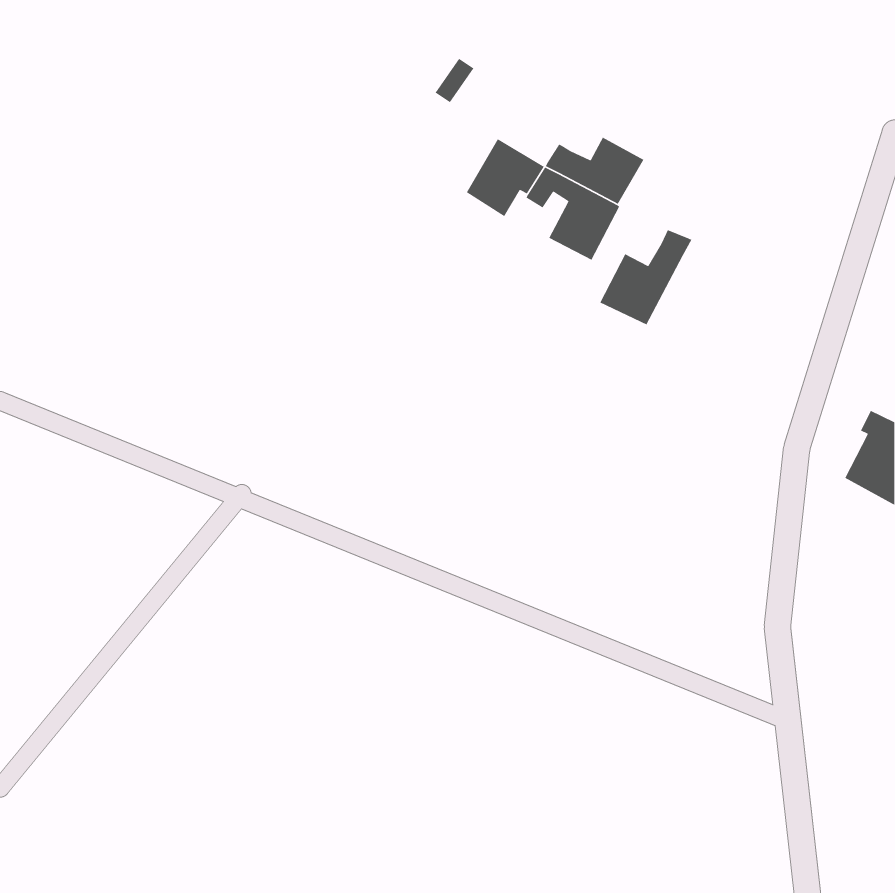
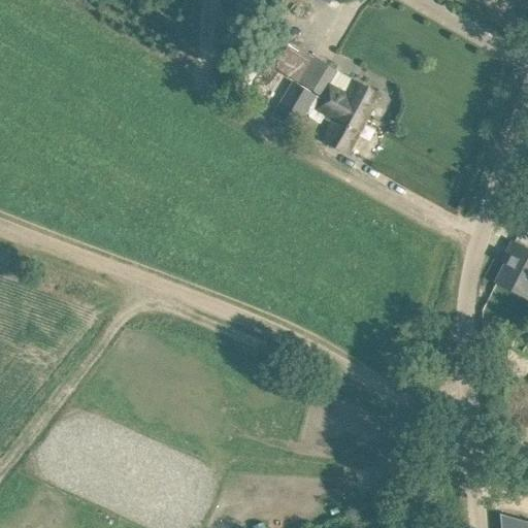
building: none -> [274,41,339,96]
building: [599,229,692,325] -> none

